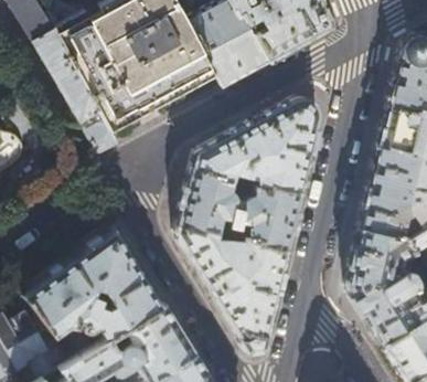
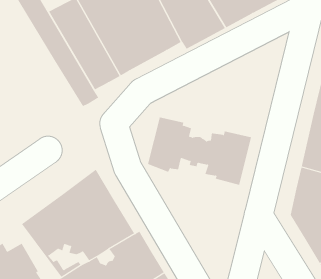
building: [191,95,319,192] -> none
building: [174,224,287,351] -> none

